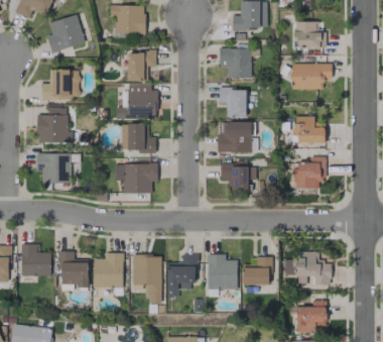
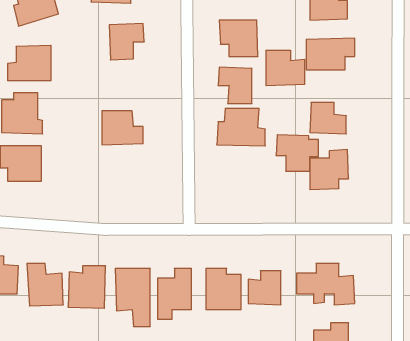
building: none -> [266,50,305,86]
building: [116,86,157,120] -> none
building: [220,162,255,193] -> [276,135,318,171]
building: [114,164,157,194] -> none

